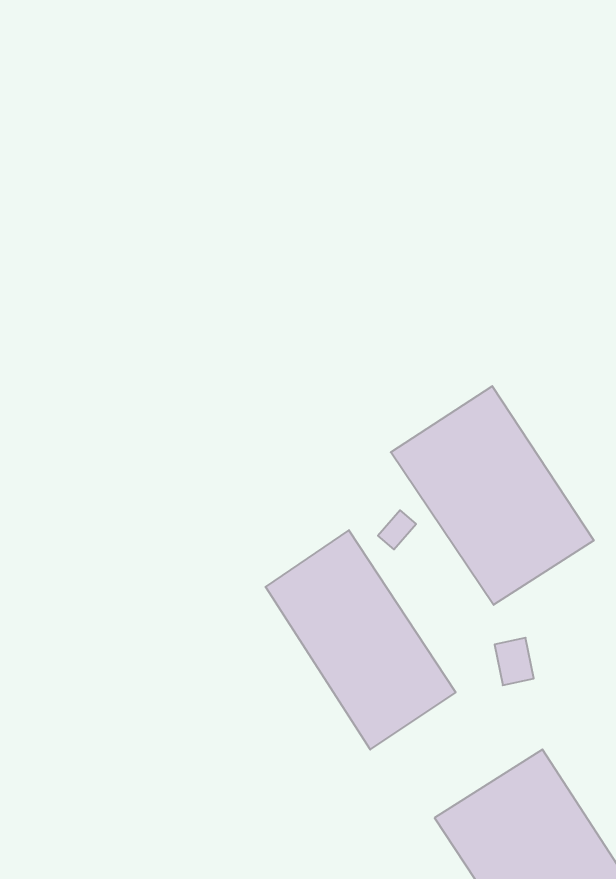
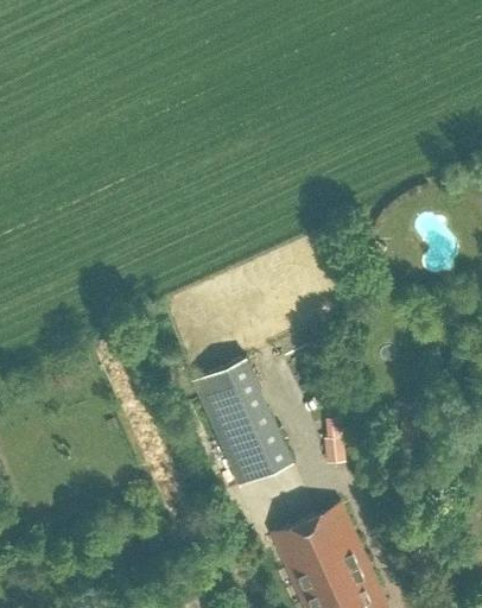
building: [391,386,594,605] -> none

